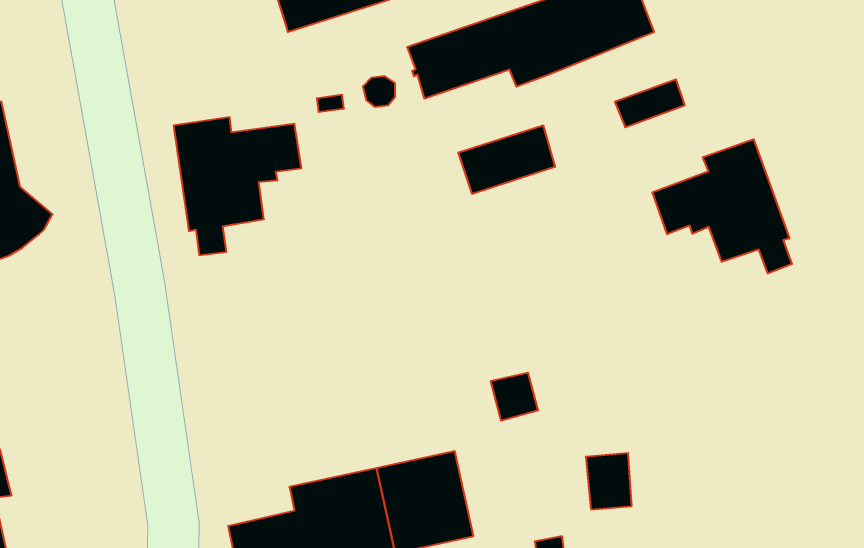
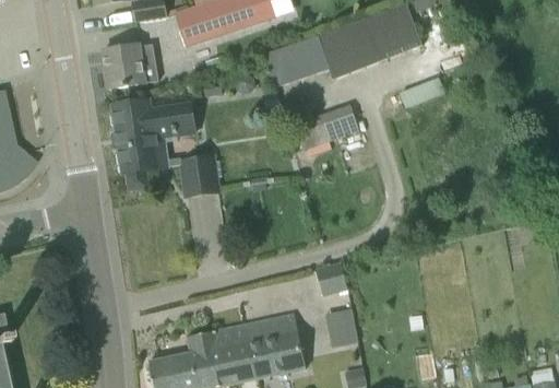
building: none -> [104,44,145,89]
building: [652,139,792,273] -> none
building: none -> [181,156,219,196]
building: [586,453,632,509] -> [324,307,354,343]

